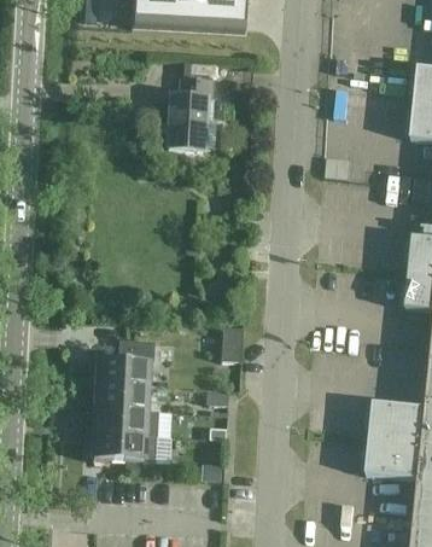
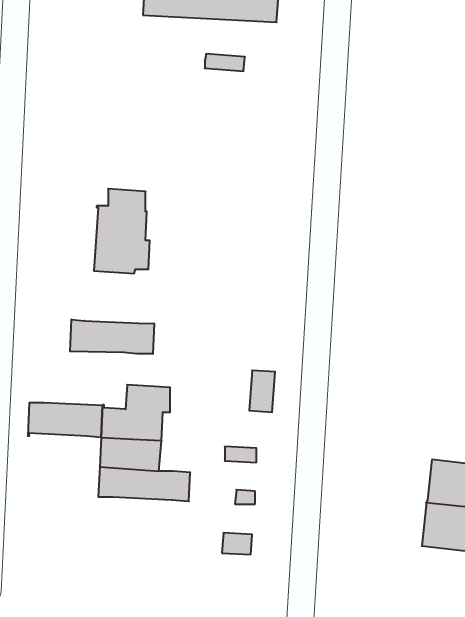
building: [163,80,210,151] -> [94,189,150,274]
building: none -> [70,319,154,354]
building: [88,433,151,462] -> [28,403,103,437]

